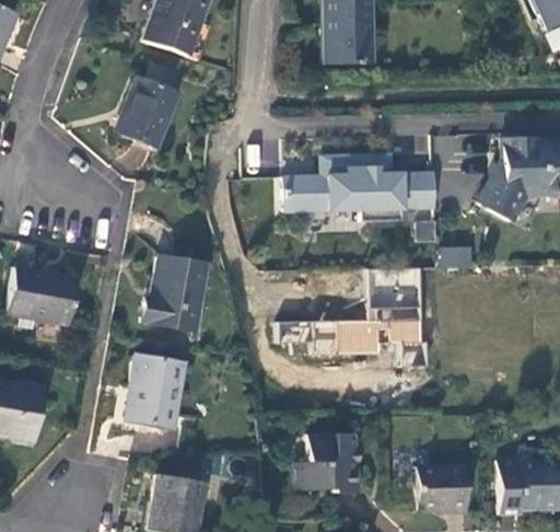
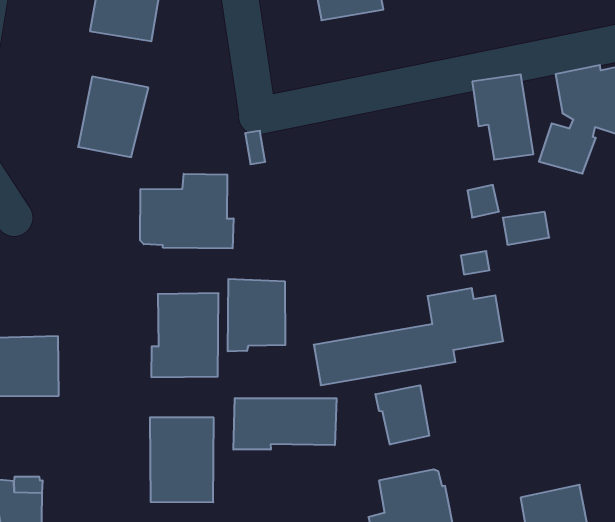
building: [282,153,434,221] -> none
building: none -> [140,174,234,248]
building: none -> [228,279,285,351]
building: none -> [233,398,337,450]
building: none -> [375,385,429,445]

